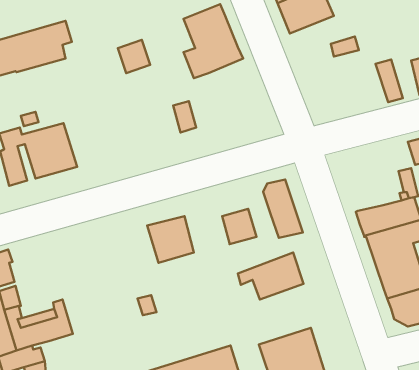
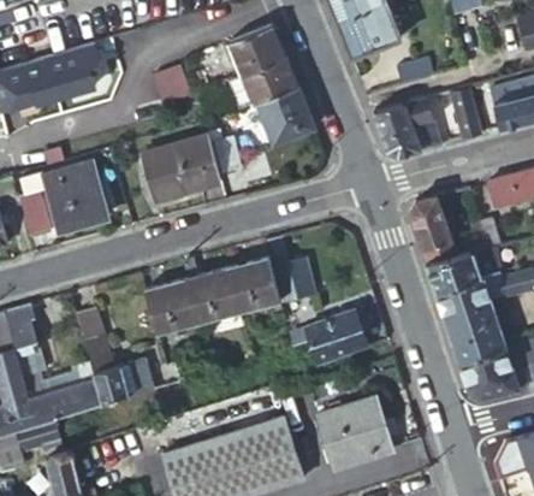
building: none -> [257,87,313,142]
building: none -> [374,99,441,155]
building: none -> [143,134,222,197]
building: [263,179,303,238] -> [411,195,457,262]
building: none -> [230,258,281,311]
building: none -> [146,279,200,333]
building: none -> [75,308,148,405]

